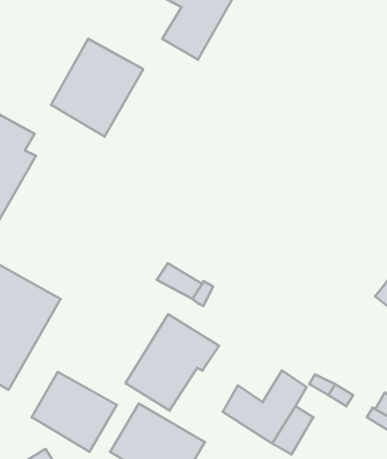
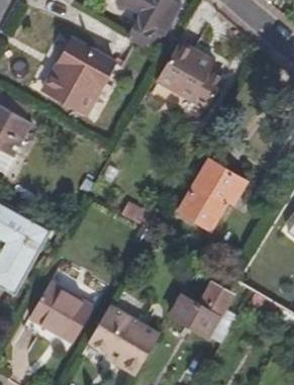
building: none -> [158,44,223,109]
building: [126,314,219,411] -> [180,161,249,231]

